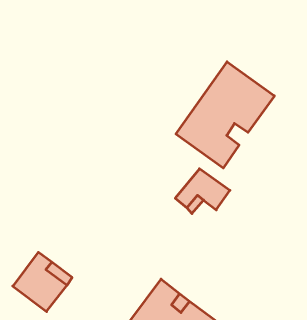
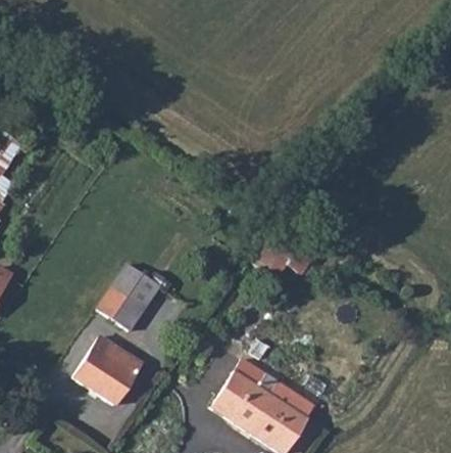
building: [176,62,274,168] -> none
building: none -> [99,264,160,330]

